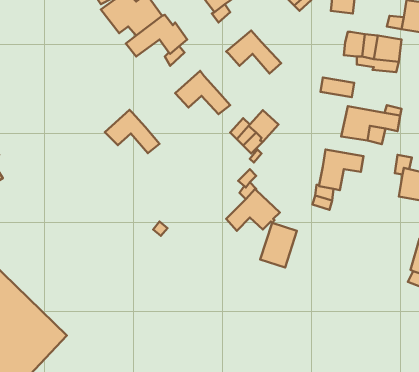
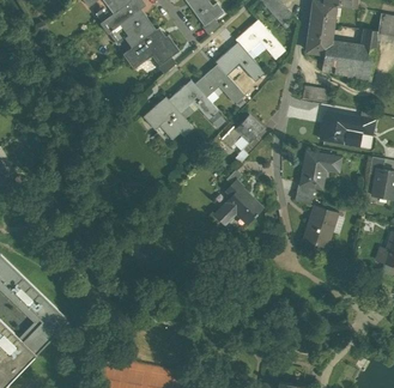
building: none -> [236,20,285,59]
building: none -> [307,24,331,53]
building: none -> [194,63,244,104]
building: [105,110,160,153] -> [143,97,193,137]
building: [260,223,297,267] -> [303,206,337,247]

